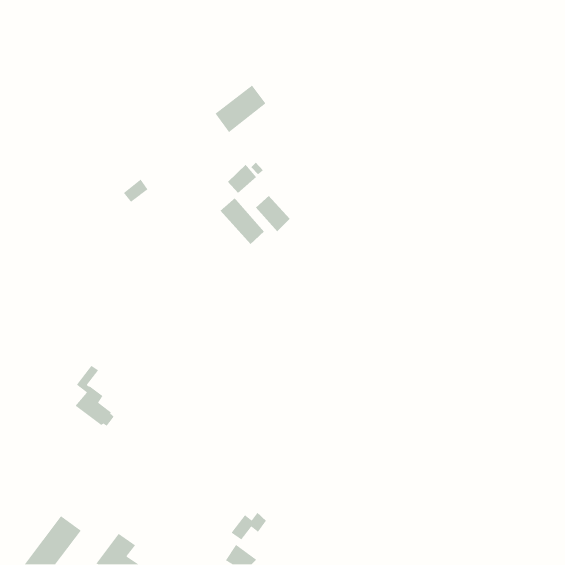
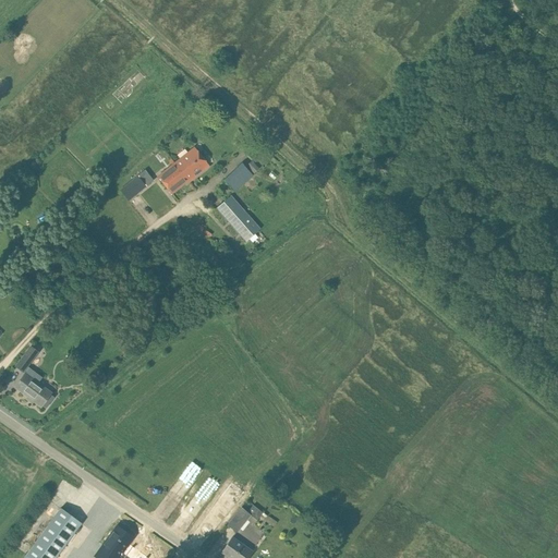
building: [214,85,266,133] -> [158,146,209,194]
building: [255,195,291,232] -> none
building: [75,365,115,427] -> [15,345,54,407]

